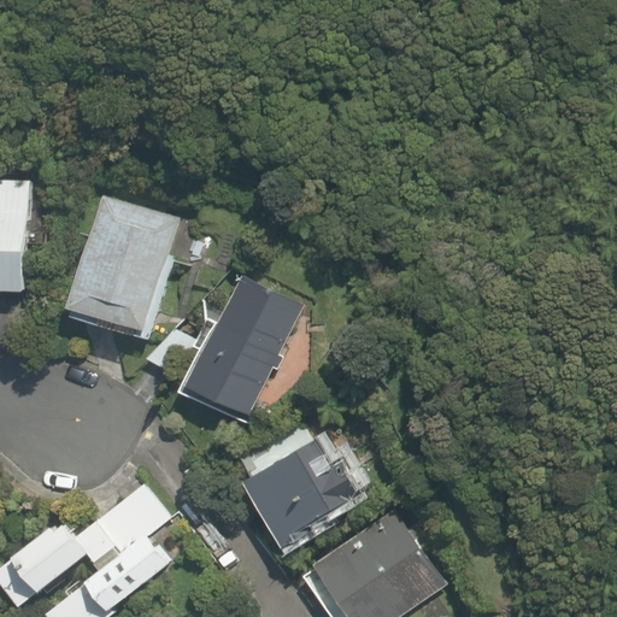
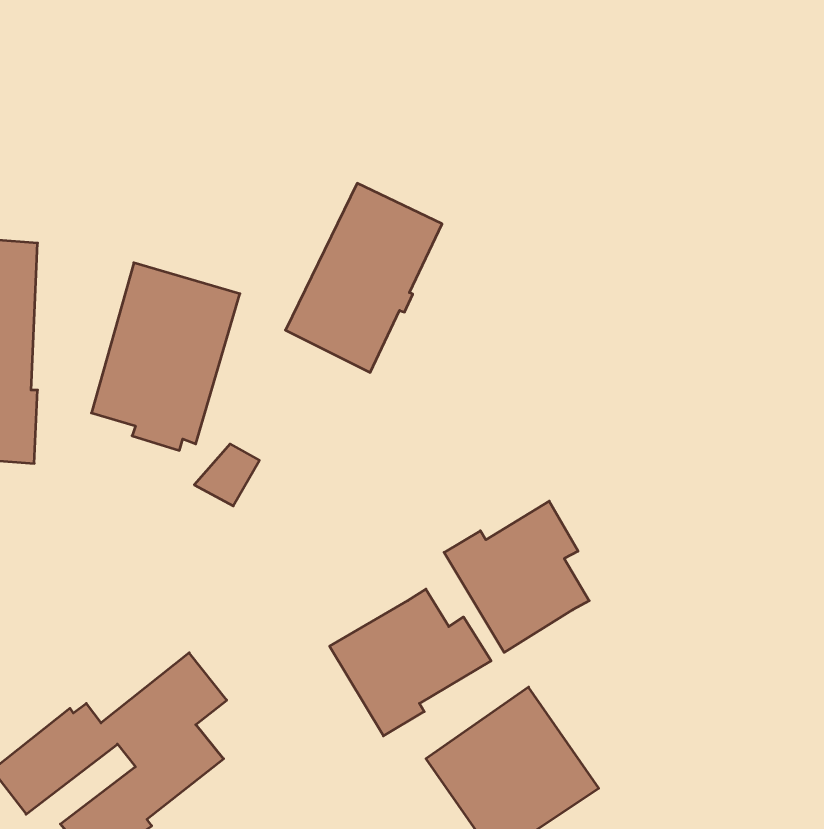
building: [187,276,302,416] -> [285,183,442,372]
building: none -> [444,501,589,652]

